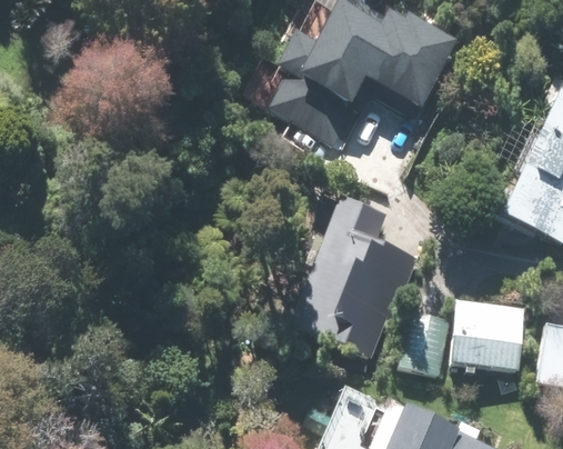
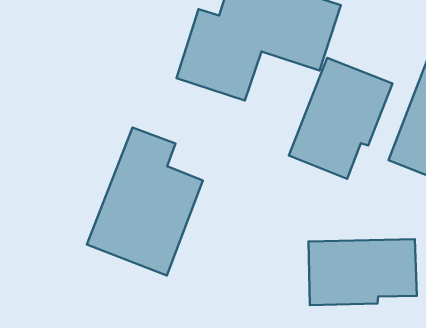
building: none -> [289,58,393,179]
building: [281,193,415,361] -> [87,128,203,276]

